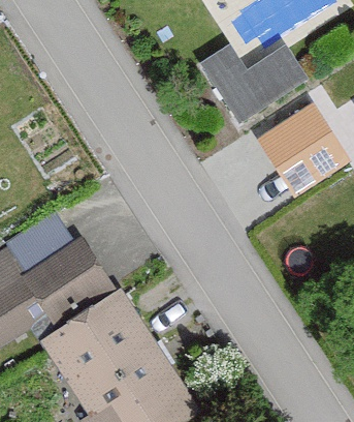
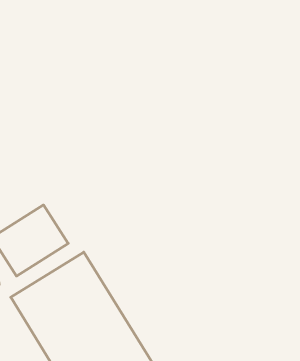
building: [200,43,305,120] -> none
building: [257,101,348,193] -> none

